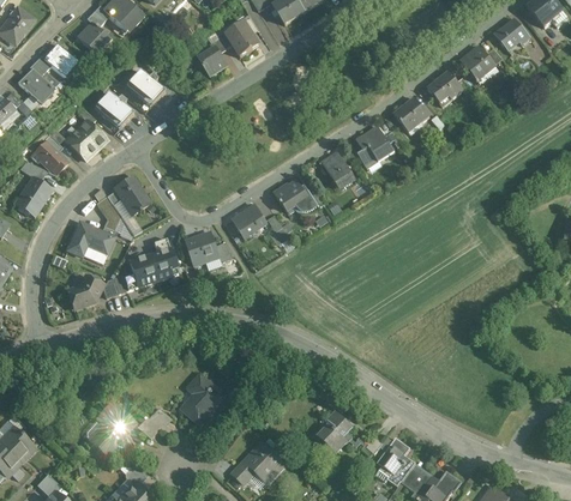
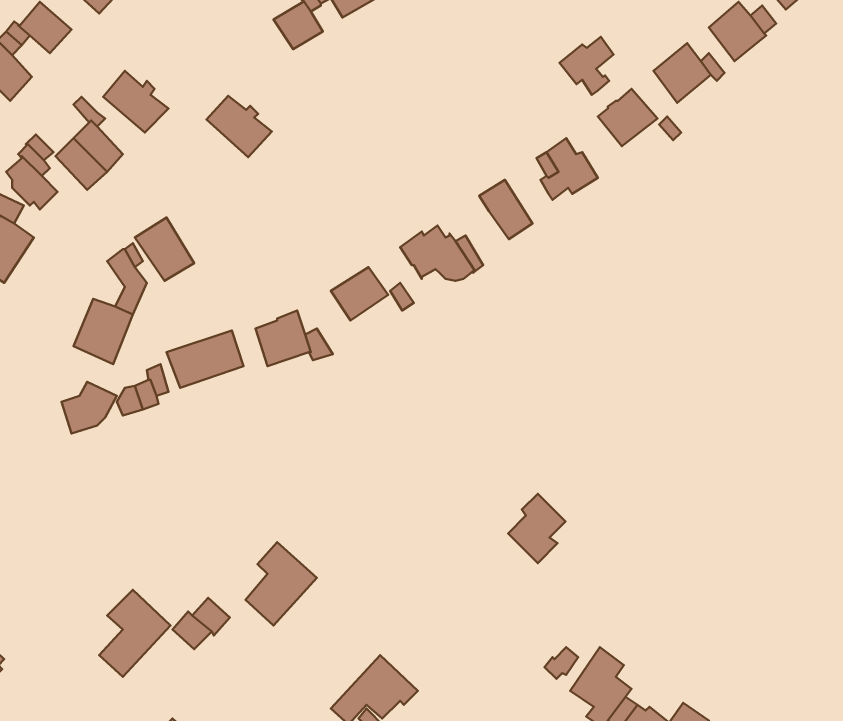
building: [125,66,164,103] -> [207,96,272,157]
building: none -> [559,37,614,95]
building: [317,410,351,452] -> [508,494,565,563]

